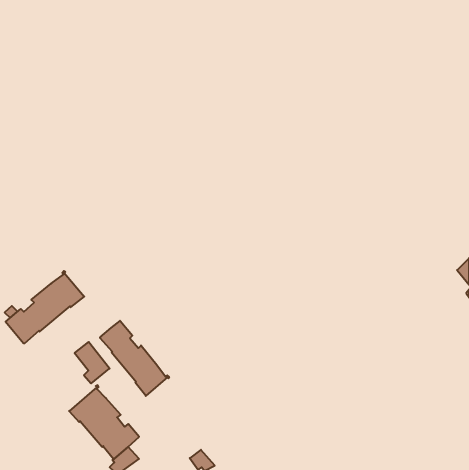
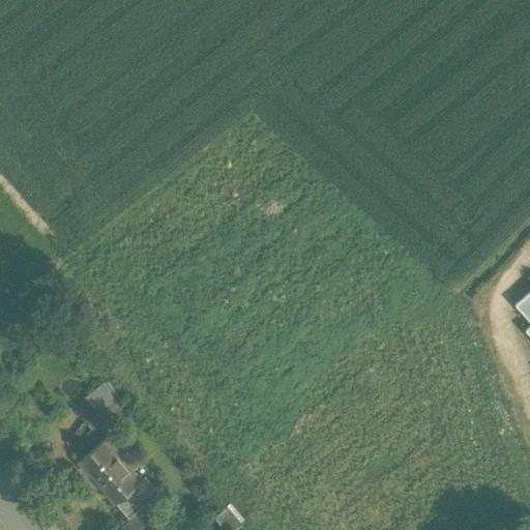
building: [6,271,84,343] -> none
building: [100,321,169,396] -> none

